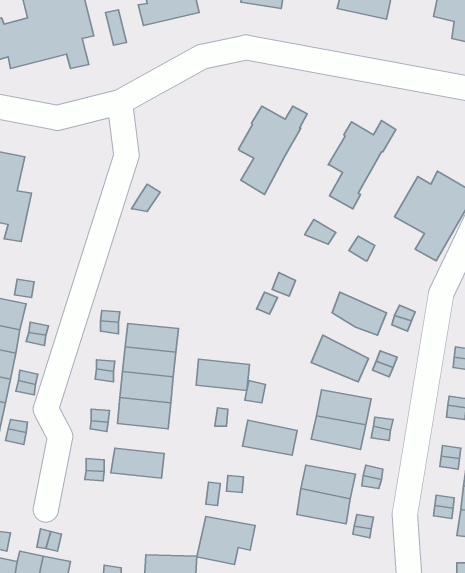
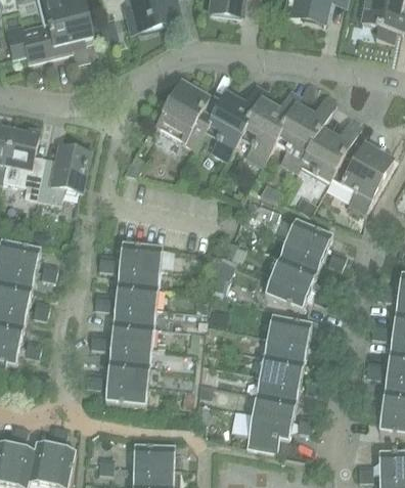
building: none -> [154,81,218,148]
building: none -> [243,97,296,166]
building: none -> [301,127,354,181]
building: none -> [36,144,88,203]
building: none -> [286,219,331,254]
building: none -> [273,254,316,290]
building: [196,359,249,390] -> [120,241,162,266]
building: [243,420,297,455] -> [260,353,303,381]
building: none -> [109,341,151,364]
building: none -> [104,380,146,403]
building: [197,516,255,565] -> [245,412,291,450]

